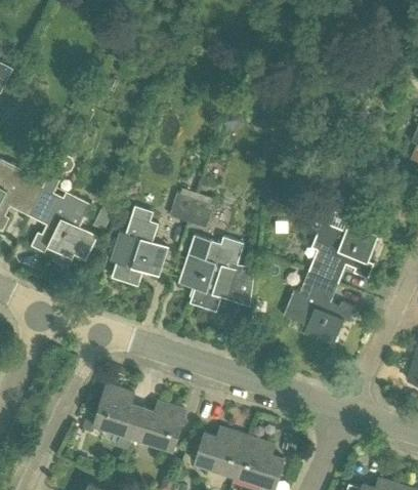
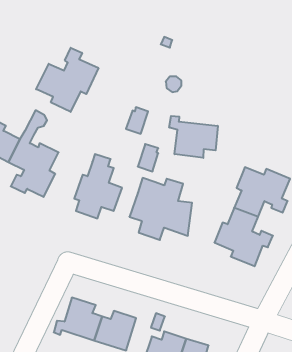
building: none -> [36,48,98,112]
building: none -> [169,116,218,158]
building: [169,189,197,221] -> [126,107,148,134]

